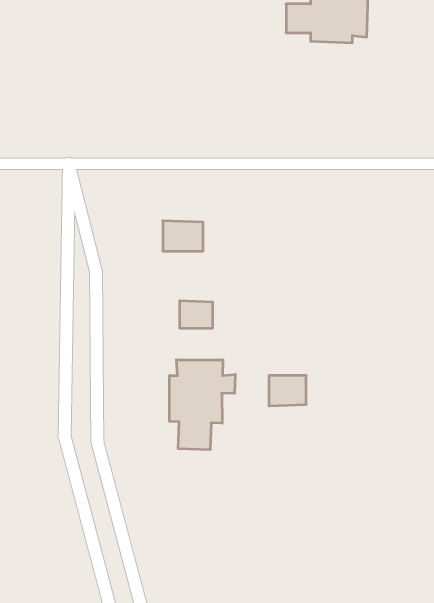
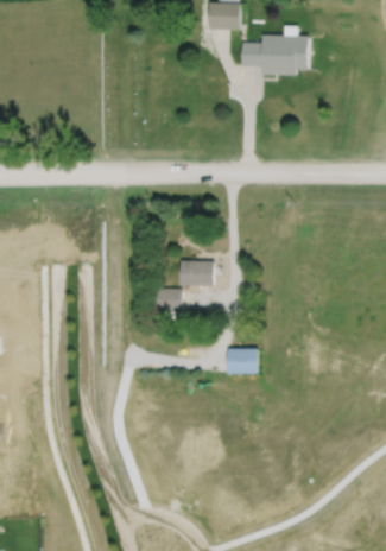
building: [163,221,203,251] -> [179,260,213,285]
building: [170,360,235,450] -> none

